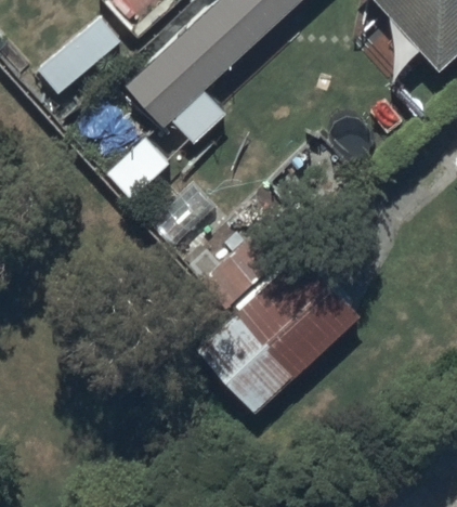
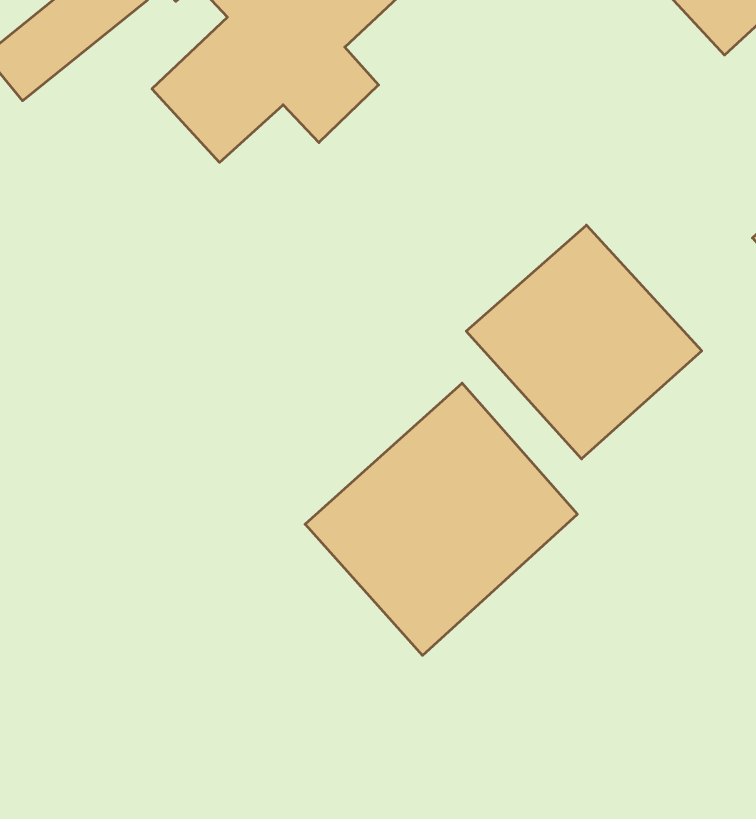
building: none -> [466,225,702,459]

